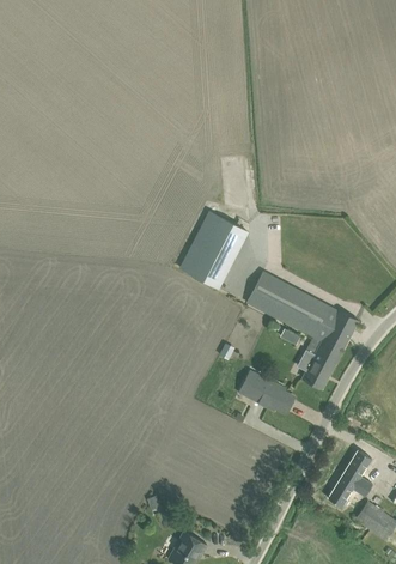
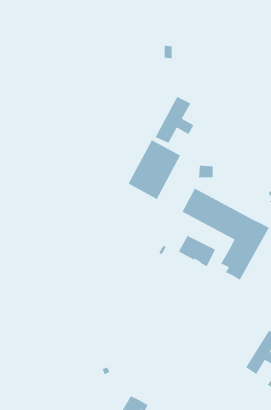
building: none -> [155,96,195,144]
building: [237,370,285,411] -> [178,235,216,267]

